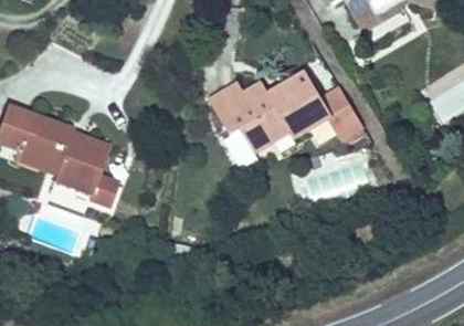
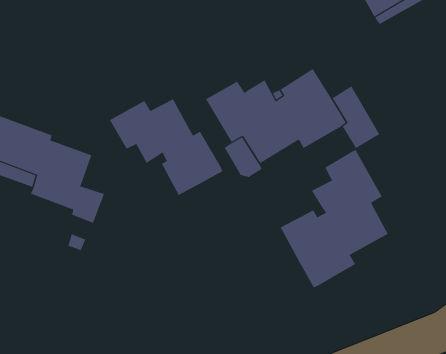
building: none -> [109,98,223,196]
building: none -> [280,149,389,288]

